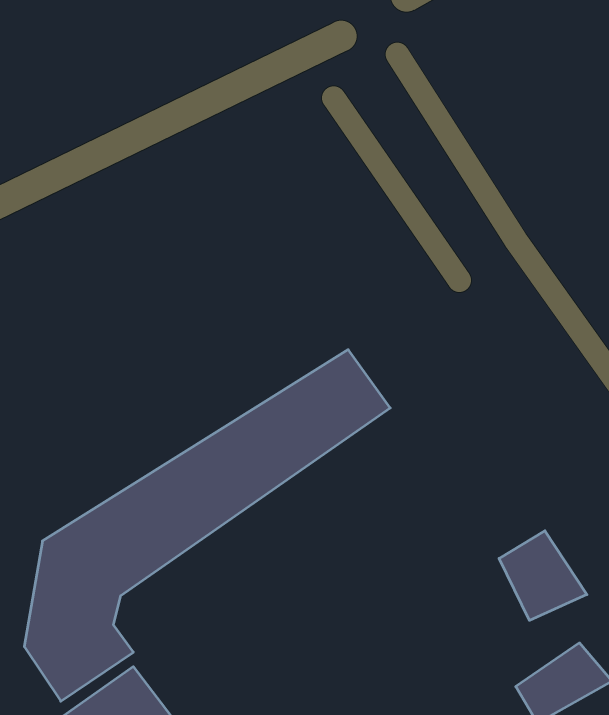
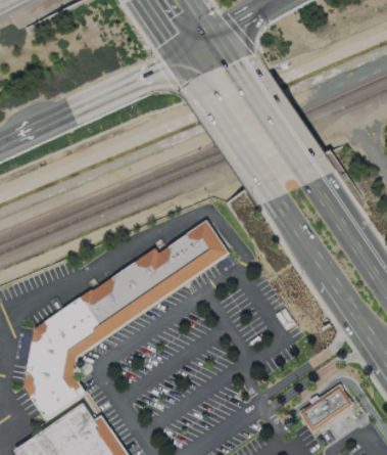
building: [499,531,587,620] -> none

